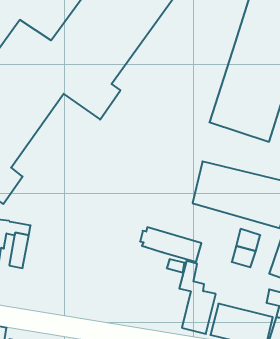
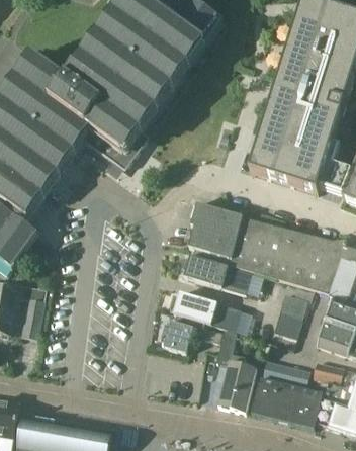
building: none -> [180,201,251,293]
building: none -> [161,313,195,353]
building: none -> [262,360,306,387]

